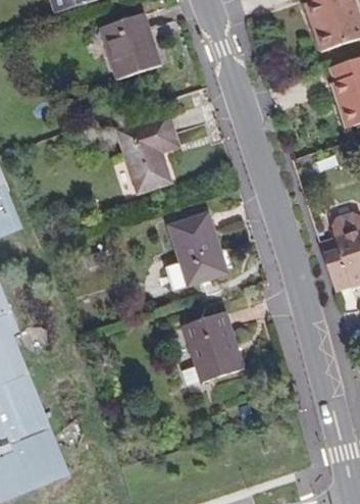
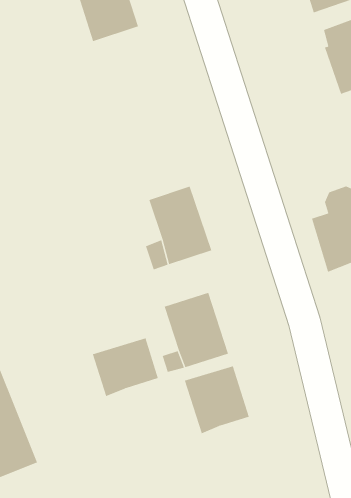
building: [118,113,178,192] -> none
building: none -> [92,337,158,397]
building: none -> [184,365,249,434]

